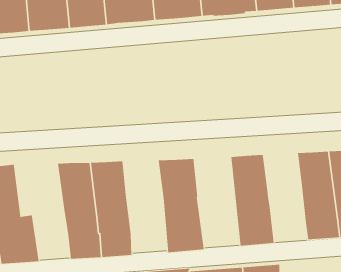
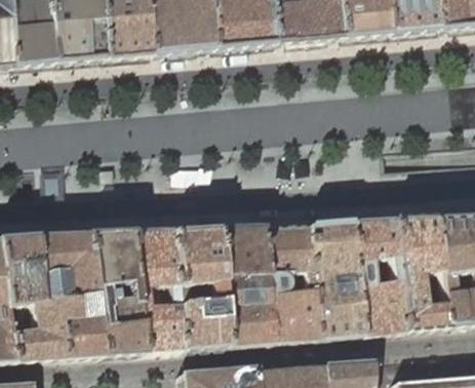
building: none -> [349,219,405,334]
building: none -> [261,224,319,341]
building: none -> [170,228,227,349]
building: none -> [32,232,103,357]

